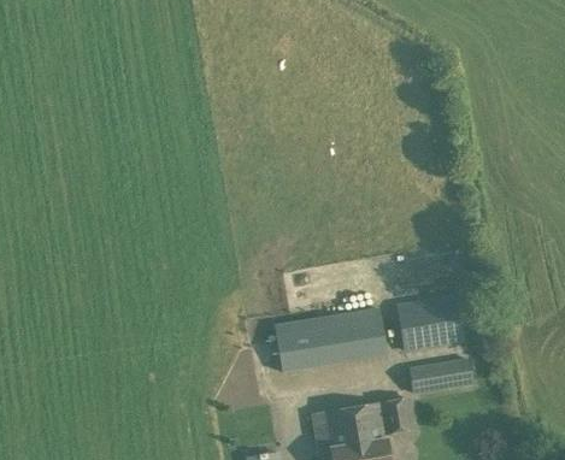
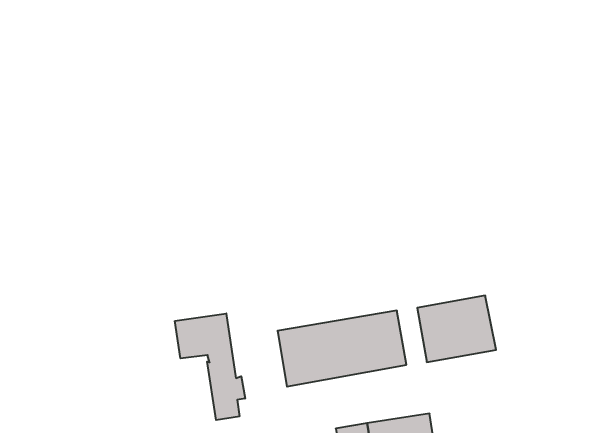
building: none -> [175,313,245,420]
building: [406,356,473,393] -> none

